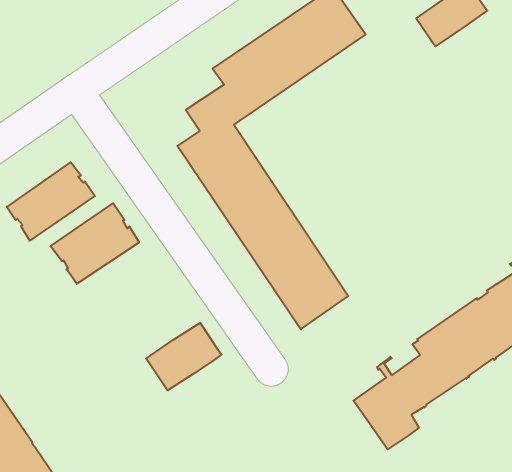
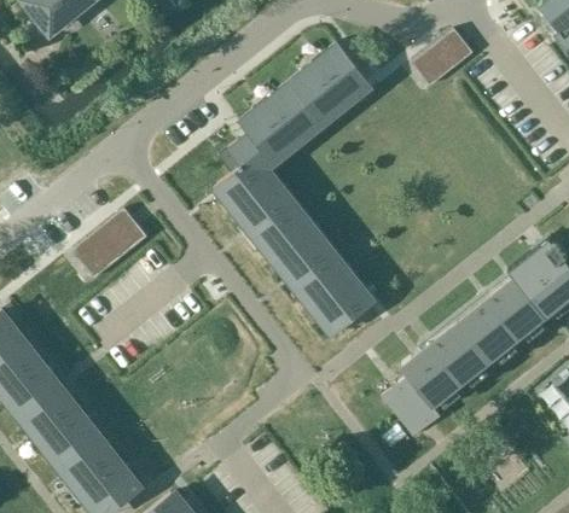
building: [50,203,139,284] -> none
building: [146,323,222,390] -> none

